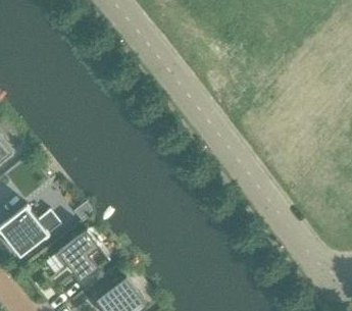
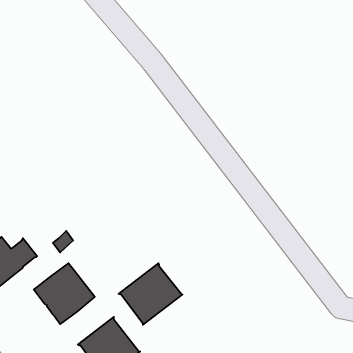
building: none -> [118,263,183,325]

